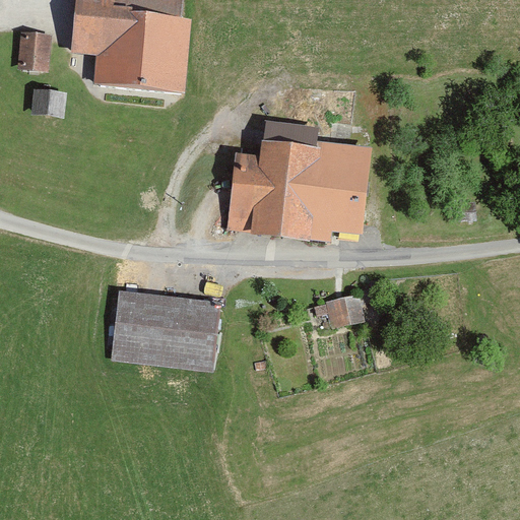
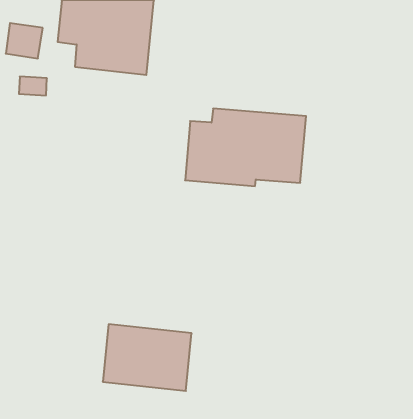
building: [109,288,218,371] -> [103,324,192,391]
building: [318,297,356,330] -> none

